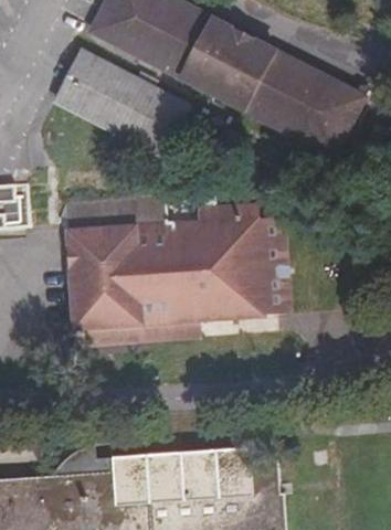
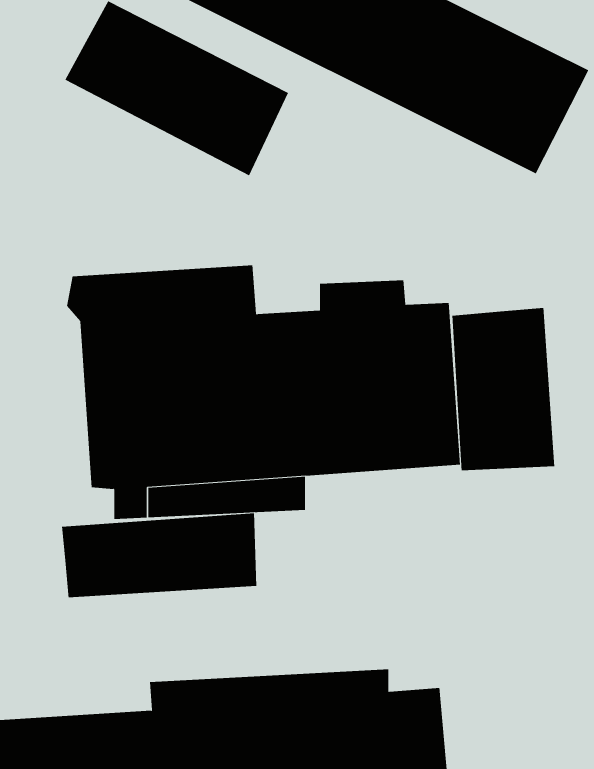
building: none -> [452,307,555,471]
building: none -> [61,513,257,598]

